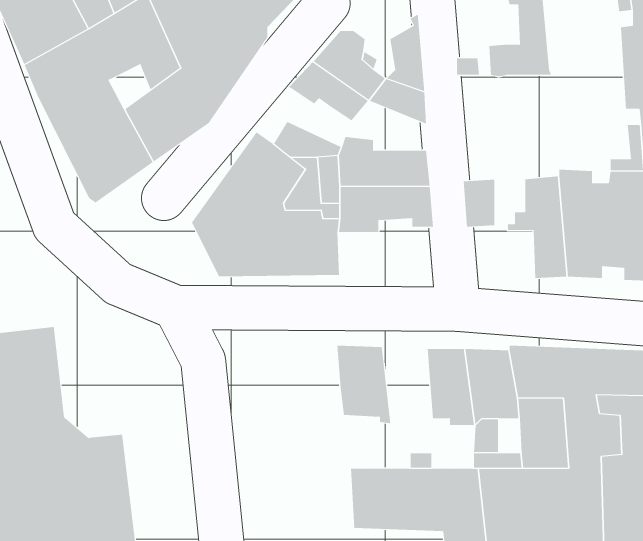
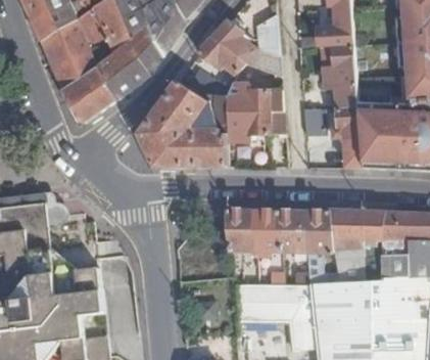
building: none -> [322,46,357,108]
building: none -> [252,209,282,255]

